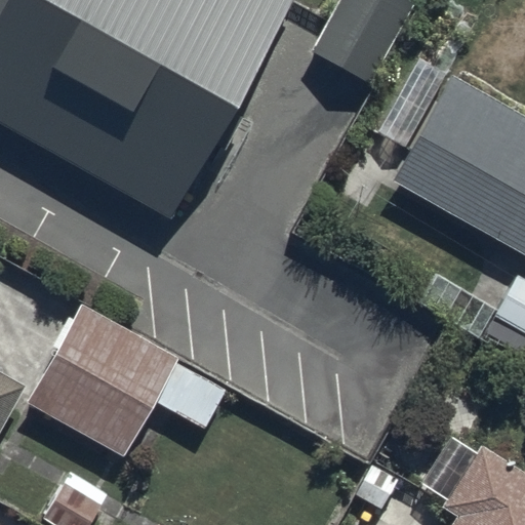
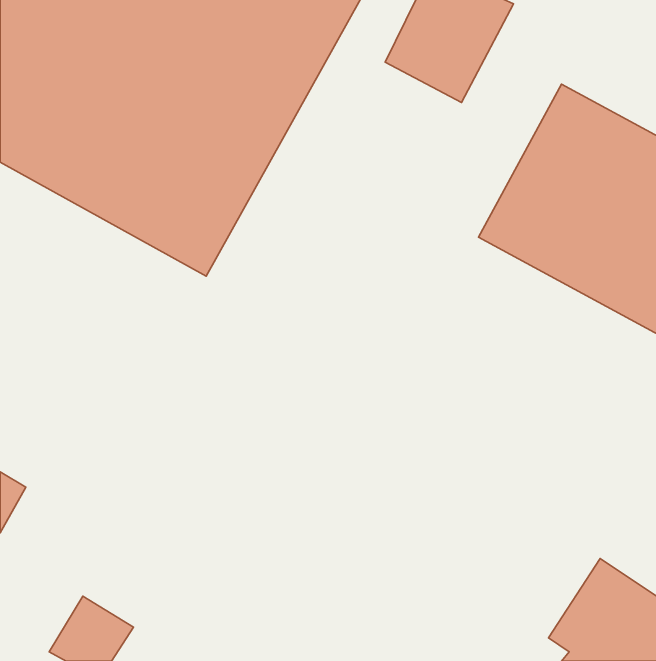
building: [30,307,227,454] -> none

